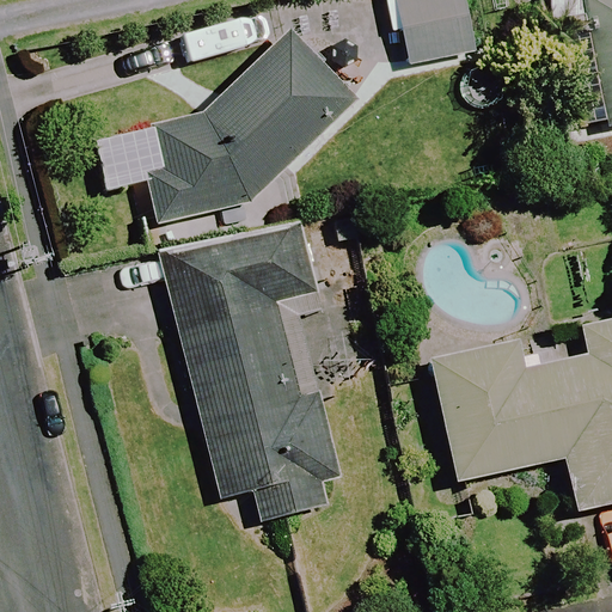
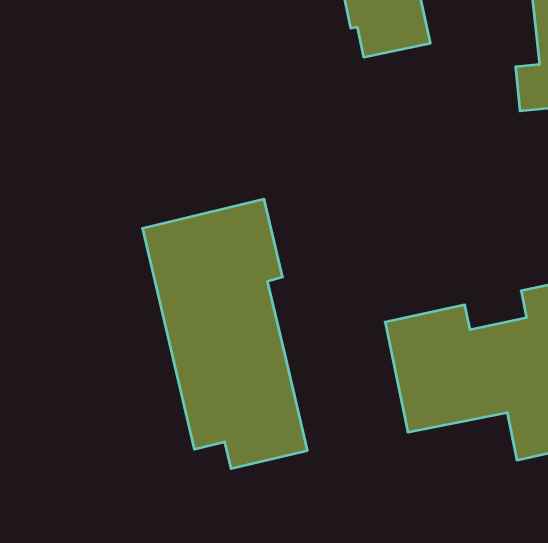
building: [141,33,356,222] -> none

